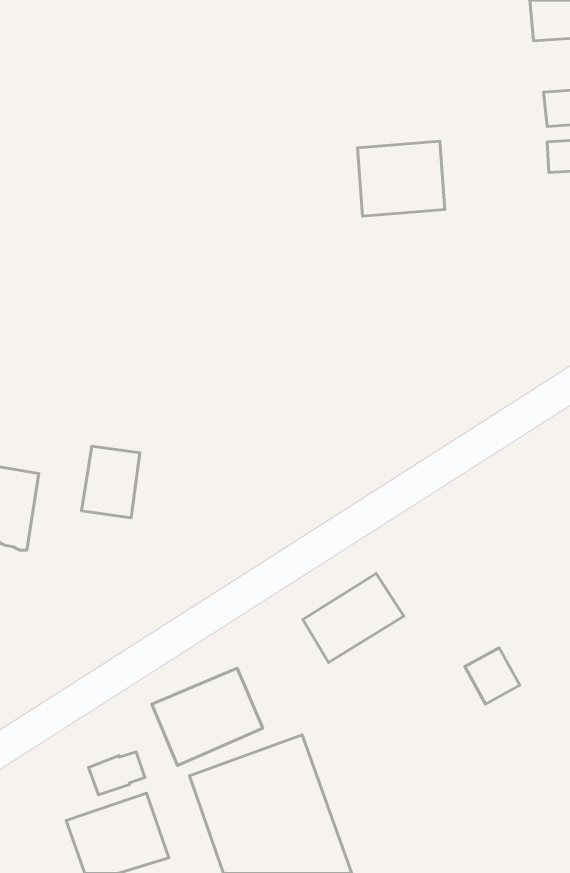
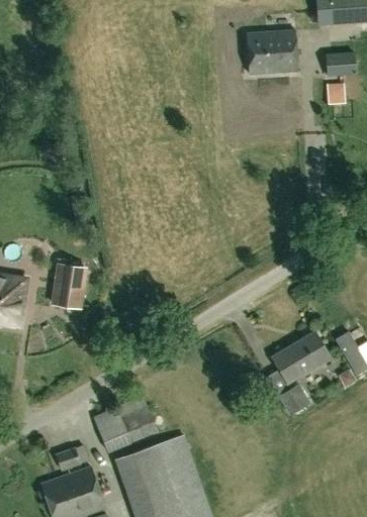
building: [358,141,445,216] -> [246,29,297,74]
building: [303,573,404,662] -> [271,330,331,383]

